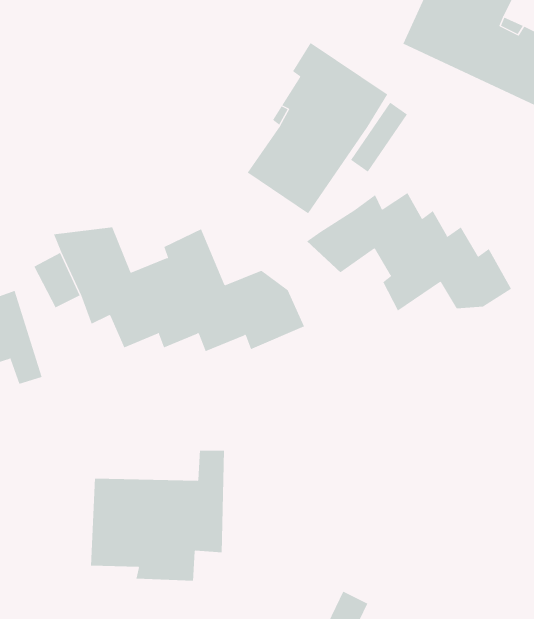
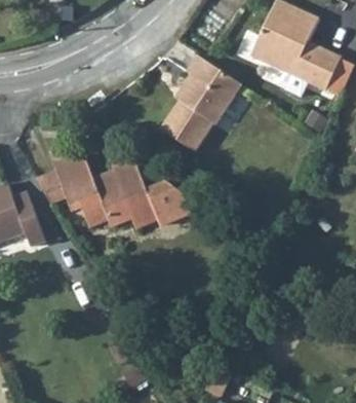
building: [306,192,512,312] -> none
building: [90,450,224,582] -> none

